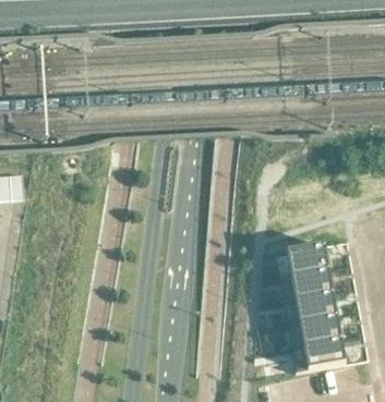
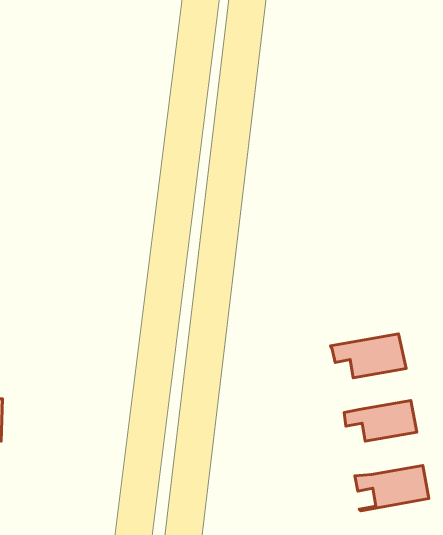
building: [278,270,330,300] -> none
building: [287,316,339,346] -> none

